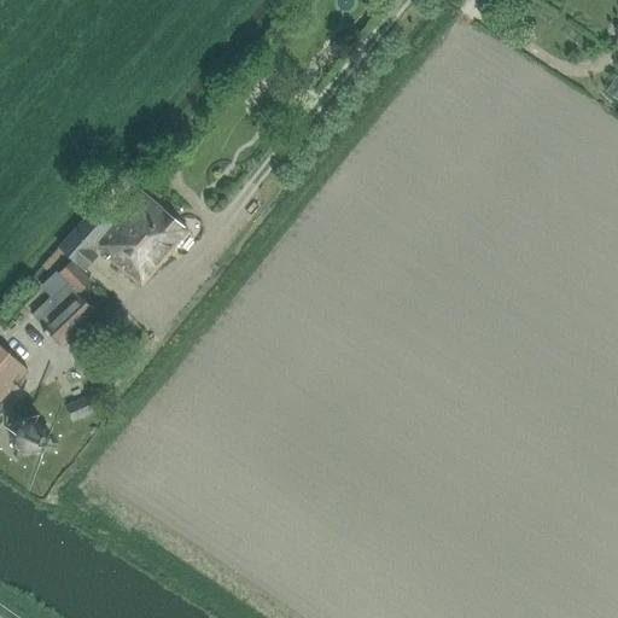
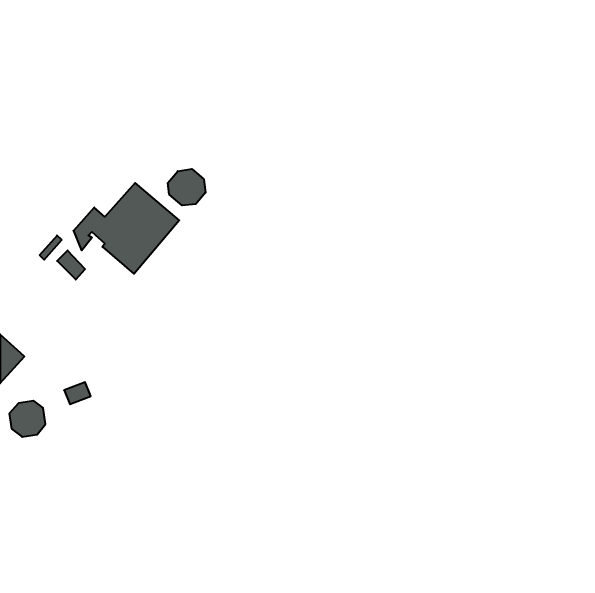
building: none -> [168,169,206,205]
building: [31,284,93,344] -> none

